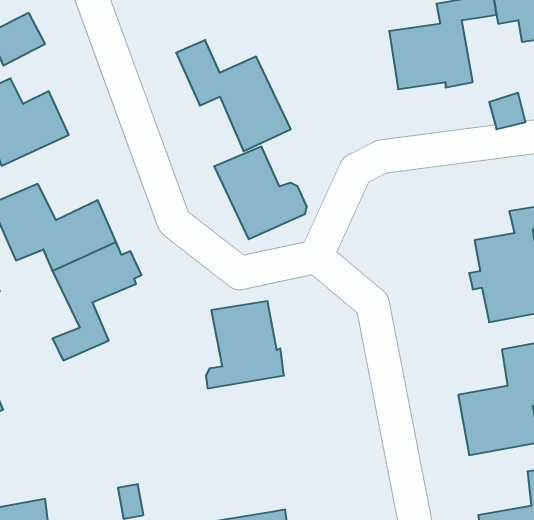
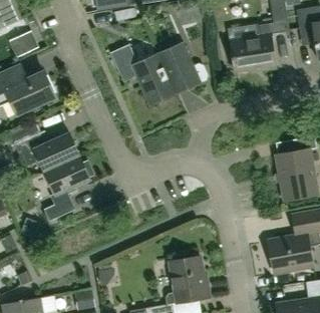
building: [214,146,307,239] -> [156,42,208,93]
building: [206,301,284,388] -> [166,256,209,304]

